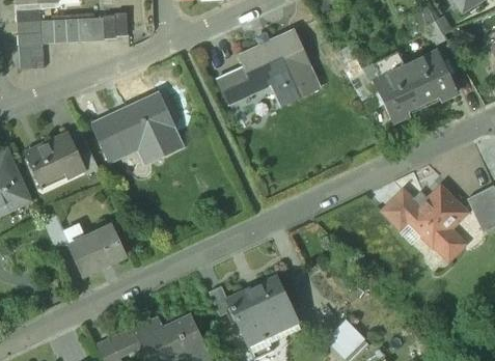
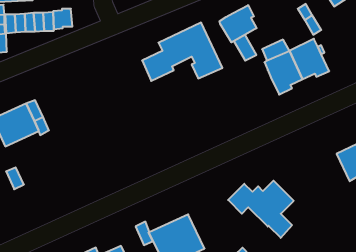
building: none -> [219,5,257,42]
building: [91,92,183,162] -> none
building: [382,186,466,259] -> [228,181,294,238]
building: [68,226,126,275] -> none

